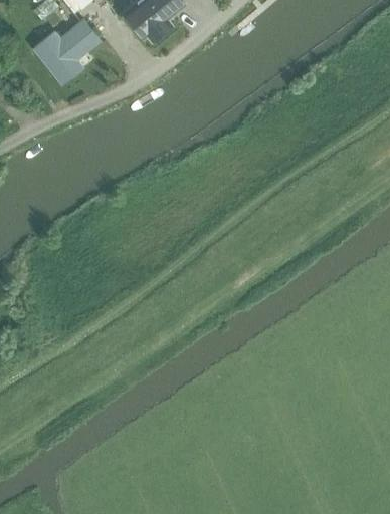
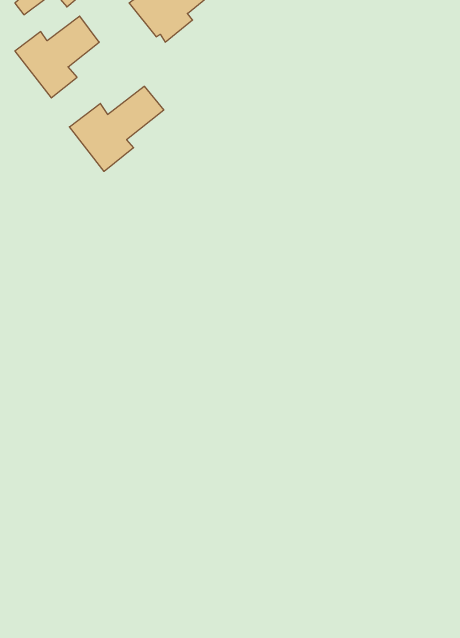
building: none -> [69,86,164,171]

